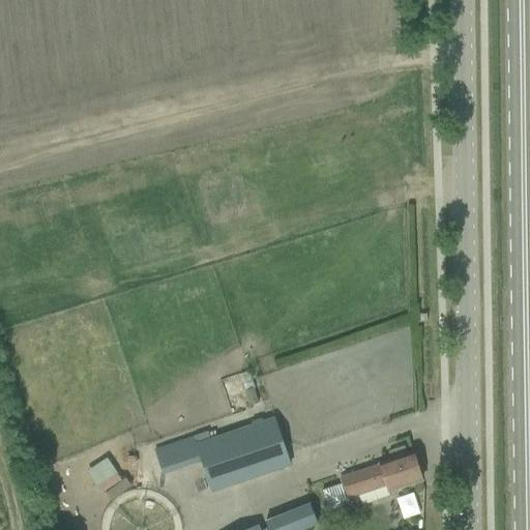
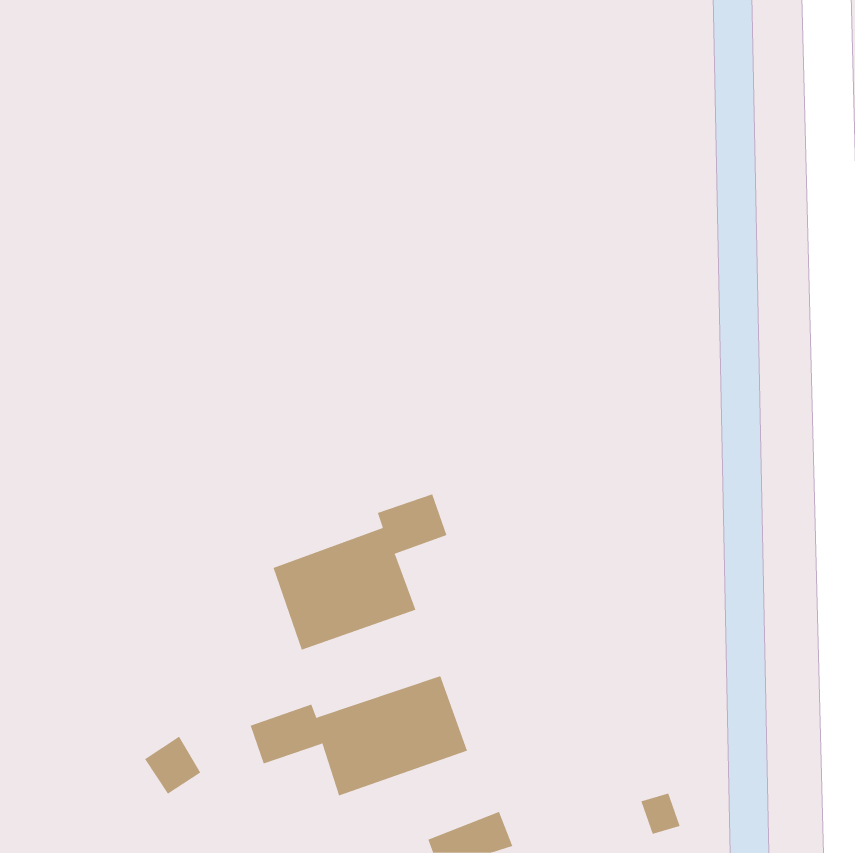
building: none -> [273,493,447,650]
building: [322,451,422,508] -> none

